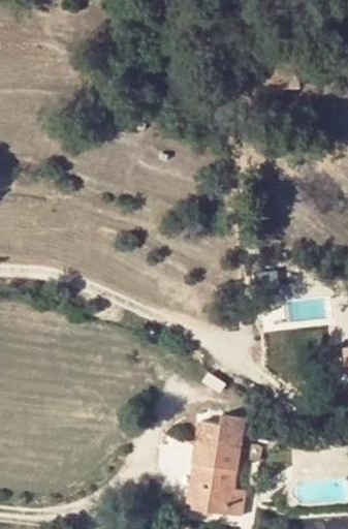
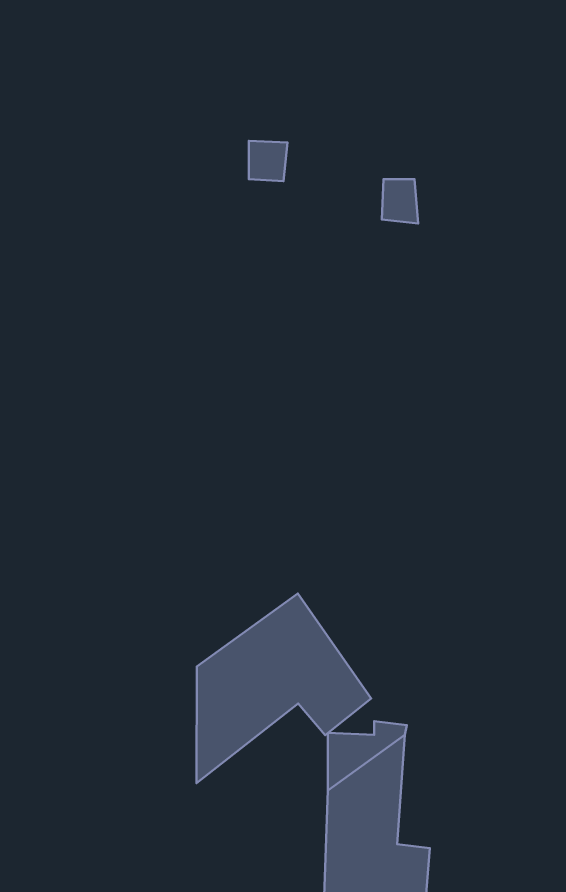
building: none -> [196,594,371,783]

